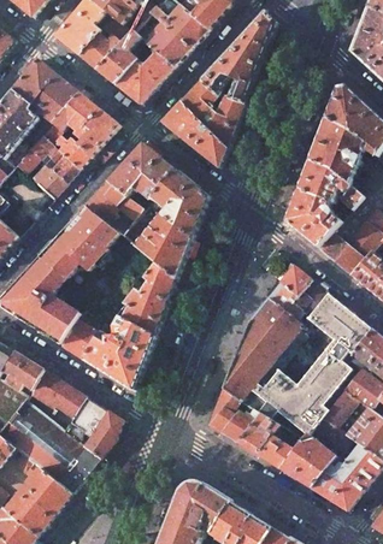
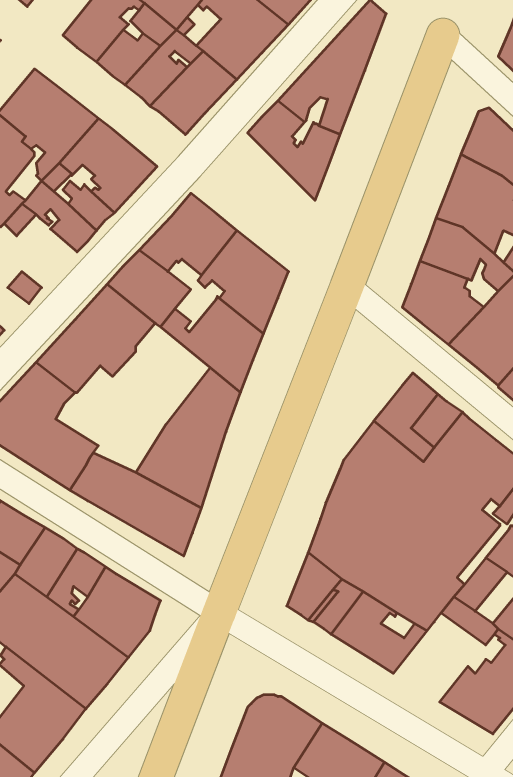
building: [161,102,226,167] -> none
building: [29,160,65,197] -> none
building: [279,433,336,487] -> none

